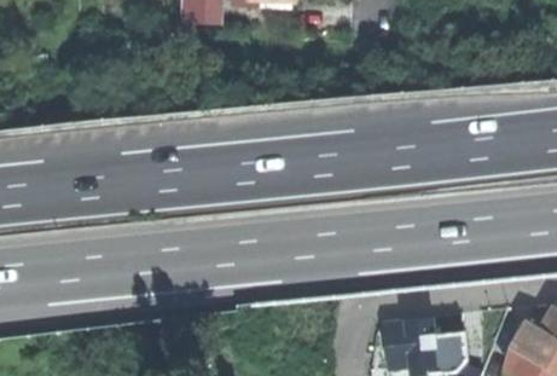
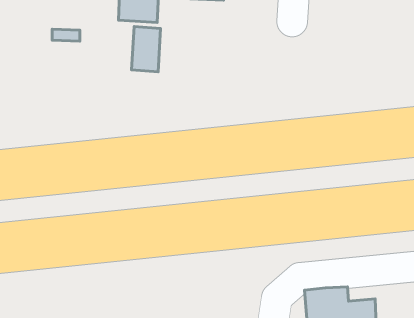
building: none -> [132,27,161,72]

